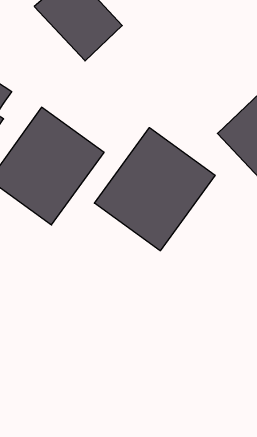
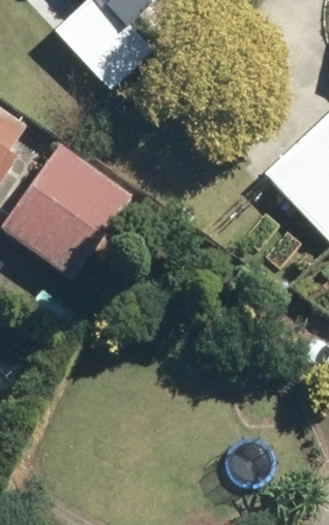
building: [94,128,215,251] -> none

